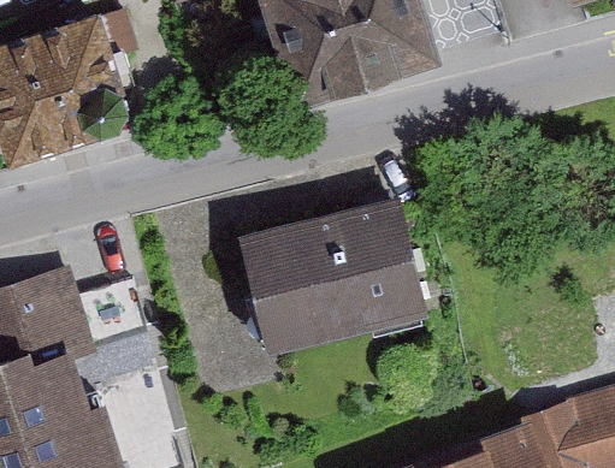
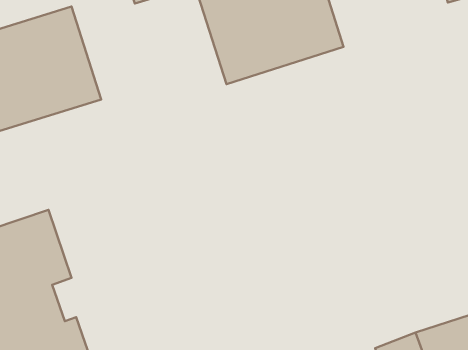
building: [238,199,430,355] -> none

